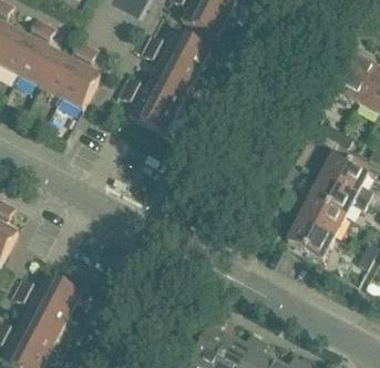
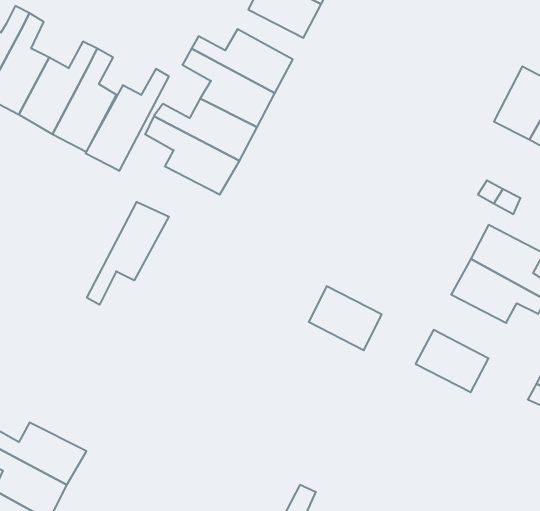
building: none -> [86,69,169,171]
building: none -> [87,202,169,305]
building: [298,197,343,237] -> [309,286,382,350]

